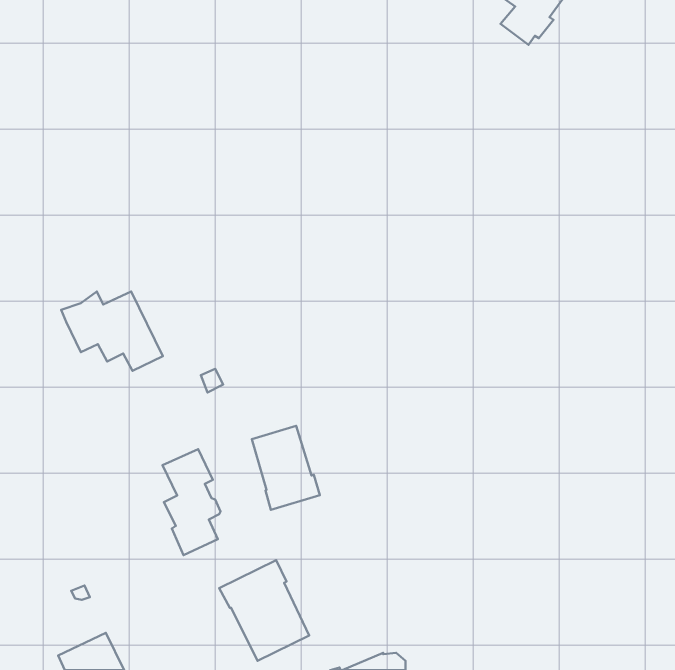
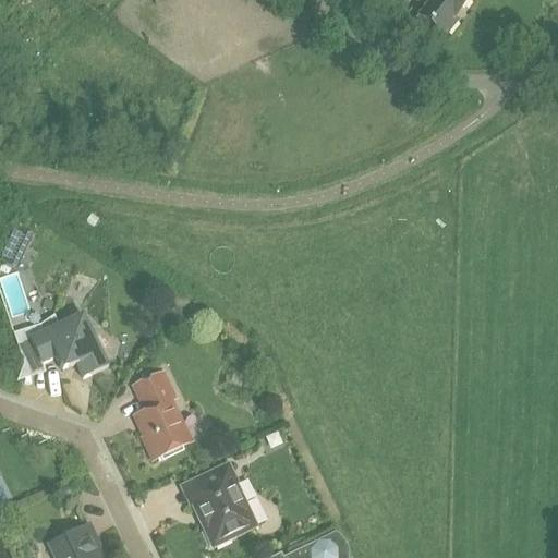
building: [61,291,163,371] -> [24,312,108,377]
building: [252,426,320,510] -> none

